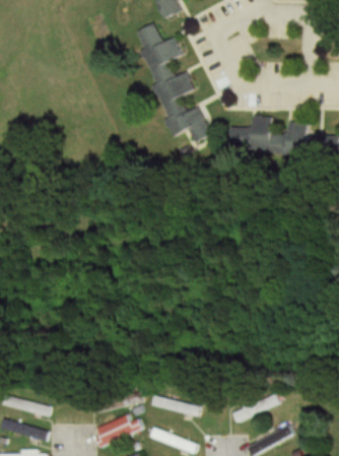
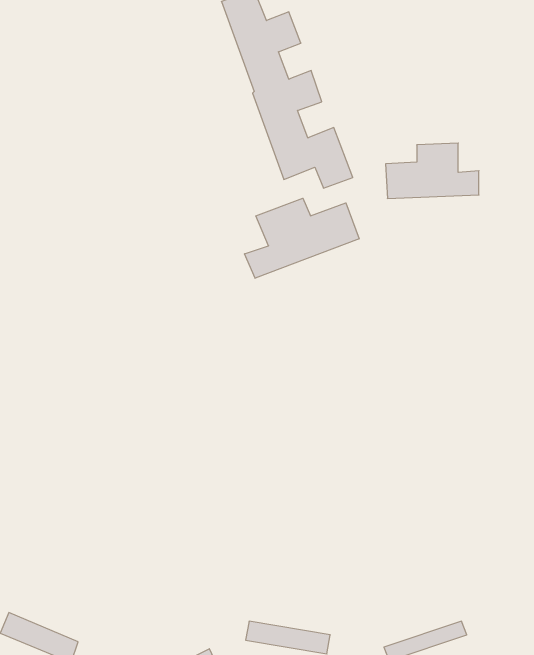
building: [292,122,312,145] -> none
building: none -> [245,198,359,278]

